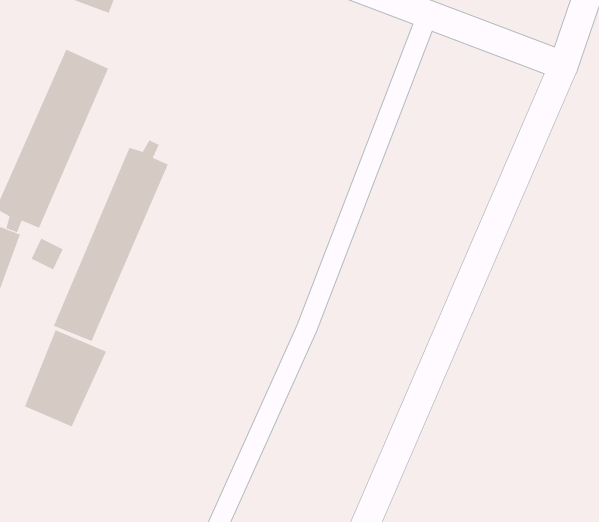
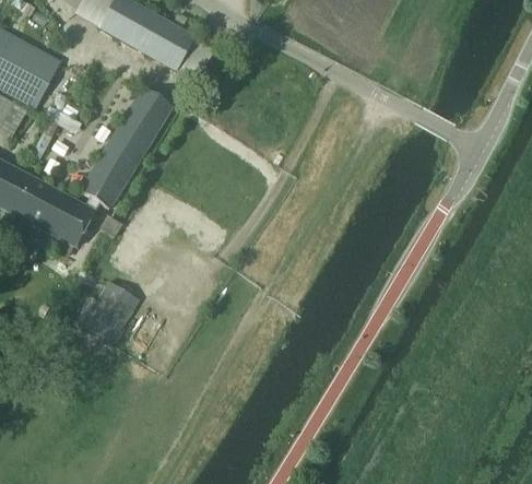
building: [53,140,168,342] -> none

